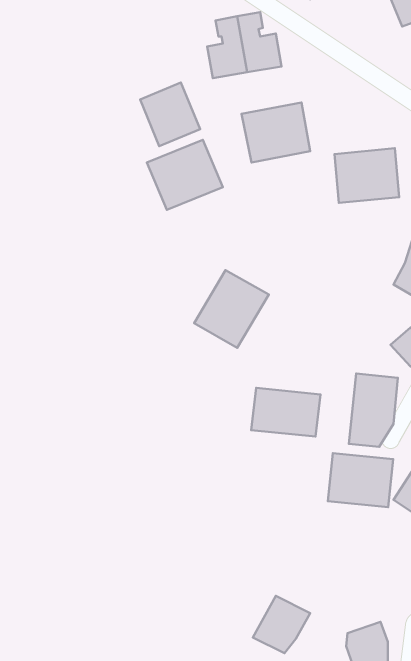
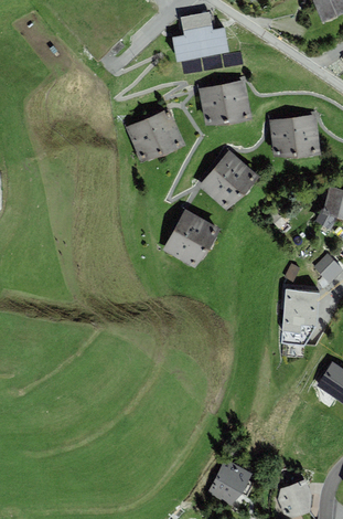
building: [140,82,200,146] -> none
building: none -> [199,150,258,210]
building: [251,388,321,437] -> none
building: [328,453,393,507] -> none

